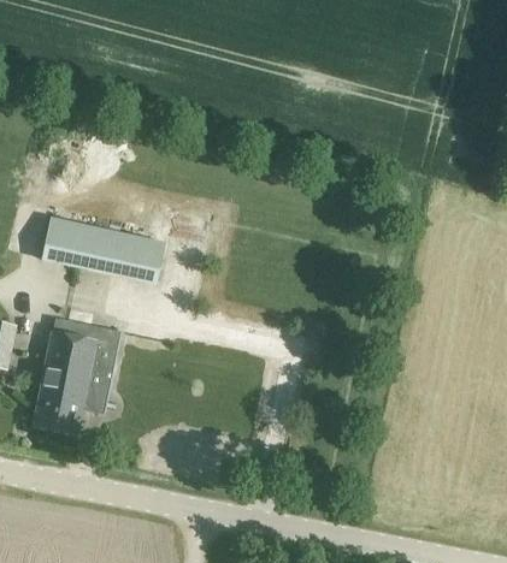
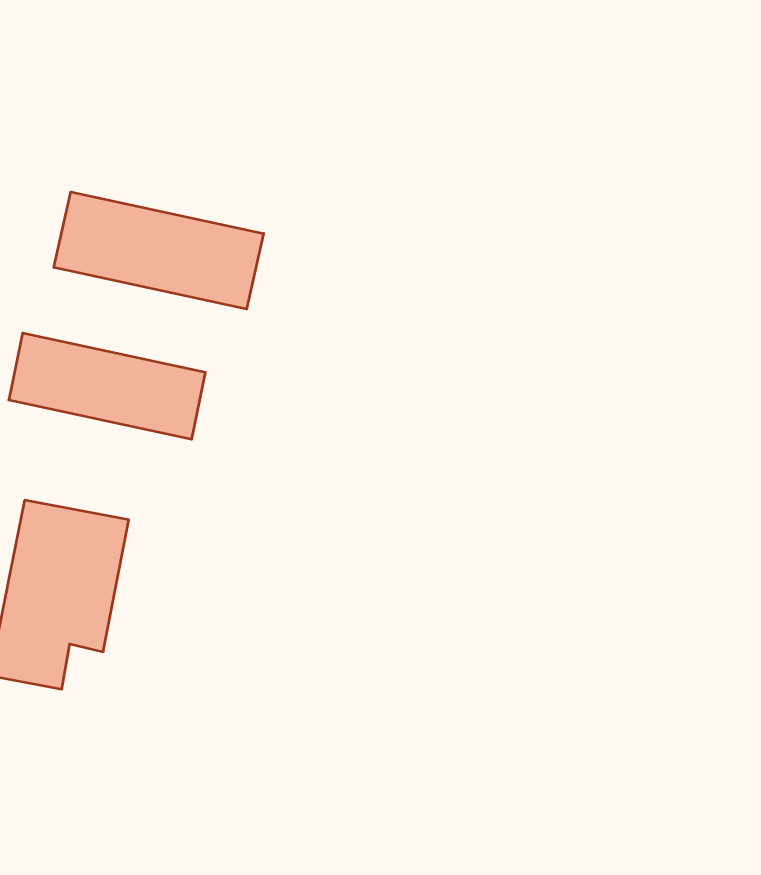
building: none -> [54,192,264,309]

